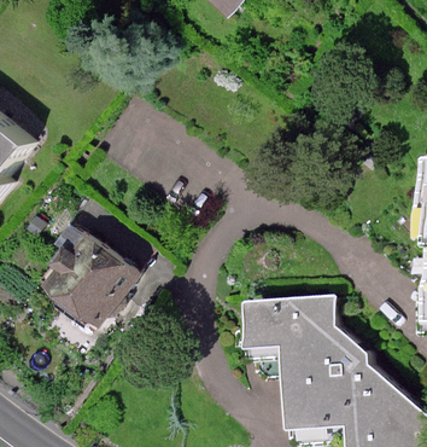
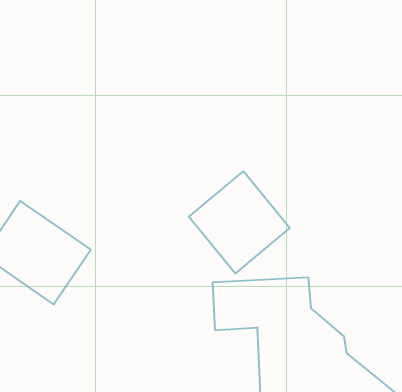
building: none -> [189,171,290,273]

